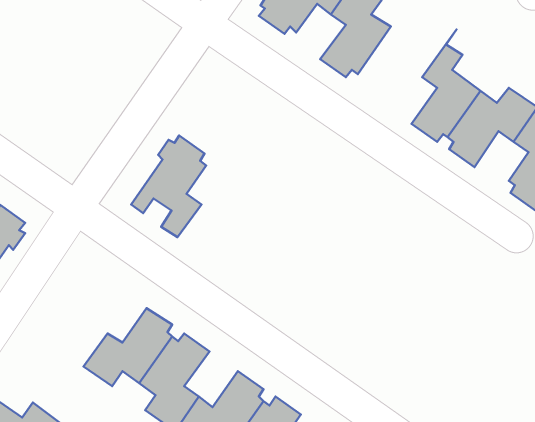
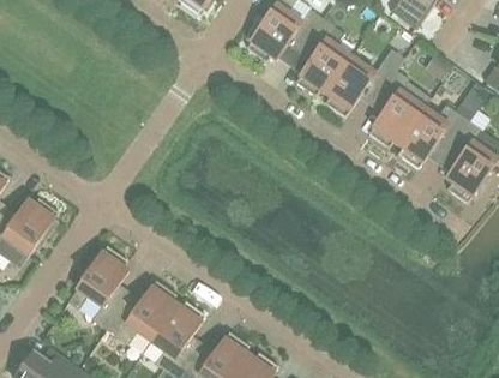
building: none -> [324,47,403,115]
building: [131,135,206,237] -> [67,245,127,326]

